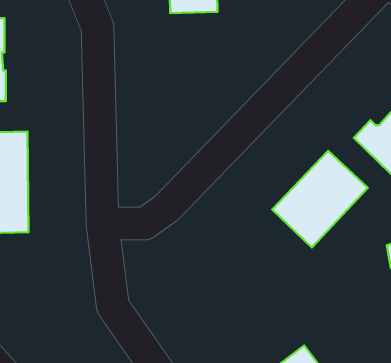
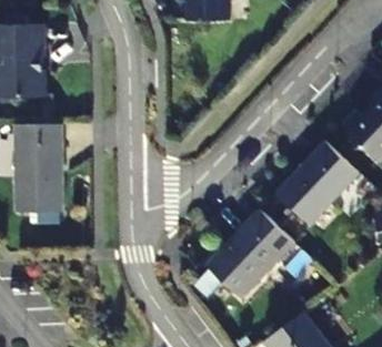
building: none -> [207,210,294,299]

